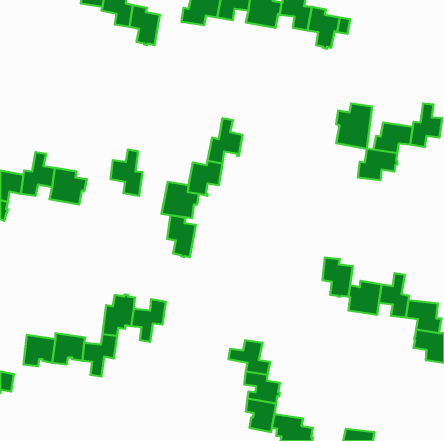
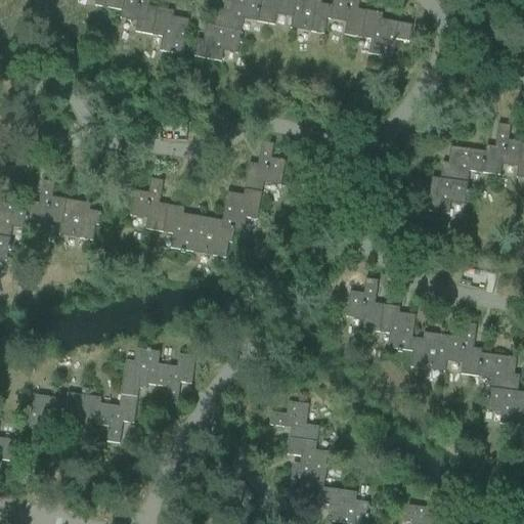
building: none -> [192,25,241,62]
building: [336,103,372,149] -> none
building: [167,215,196,257] -> [164,203,198,252]
building: none -> [347,277,383,330]

